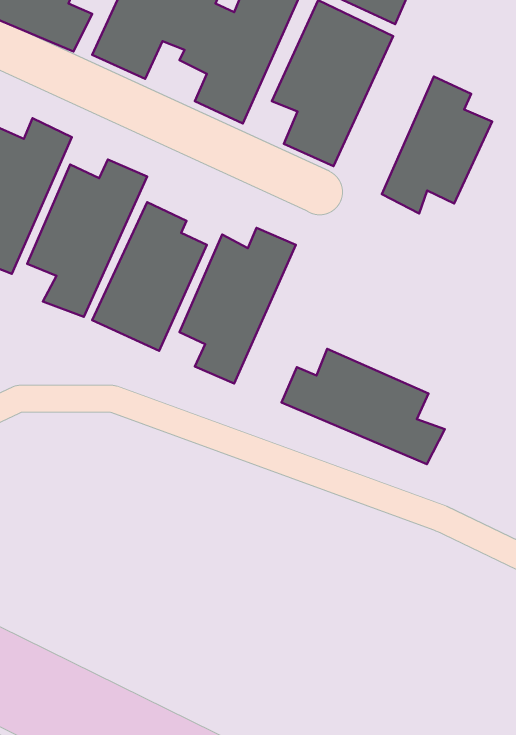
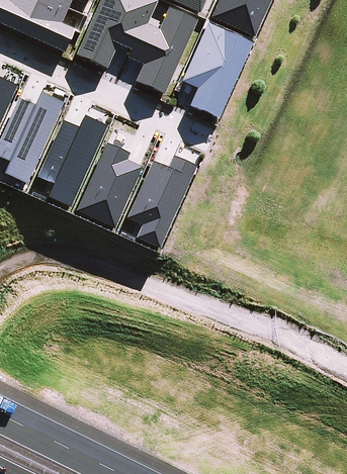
building: [382,77,492,214] -> none
building: [282,349,445,464] -> none

